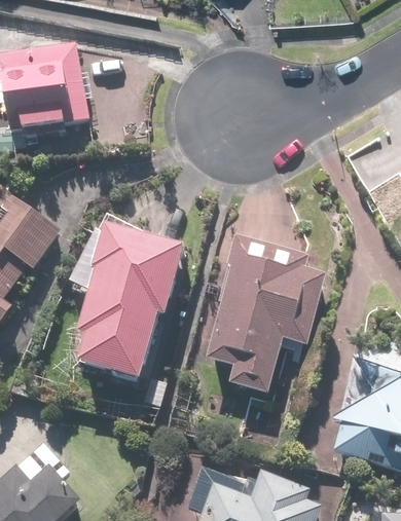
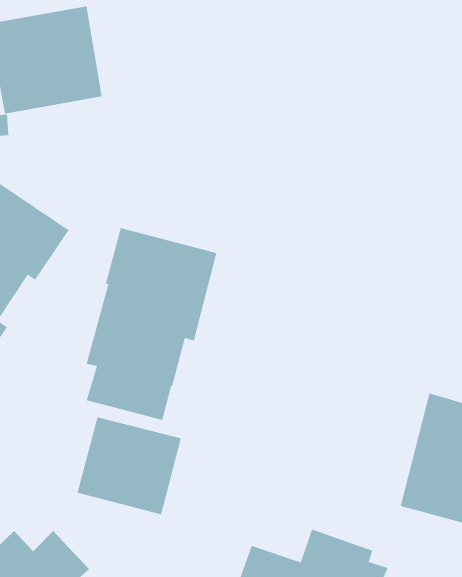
building: [205,235,325,394] -> none
building: none -> [77,417,182,515]

